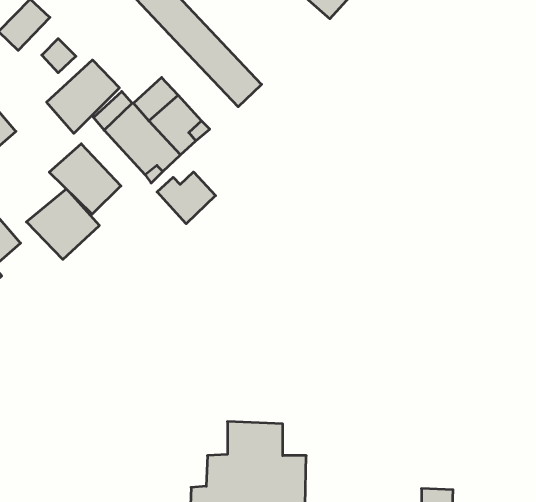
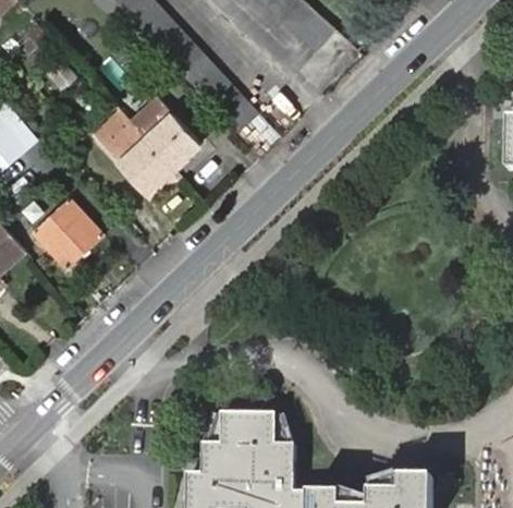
building: [47,60,119,133] -> none
building: [49,144,121,214] -> none
building: [157,172,216,224] -> none

